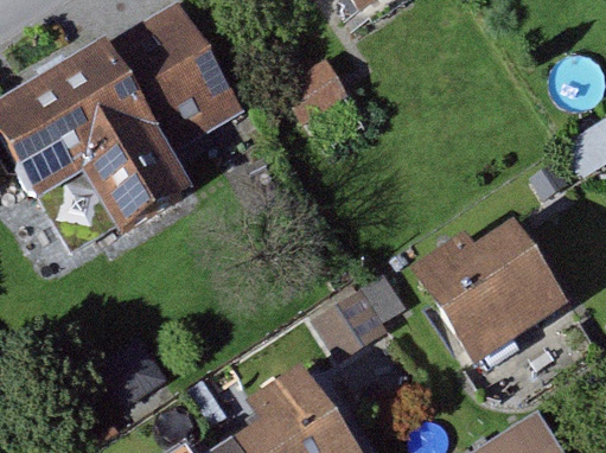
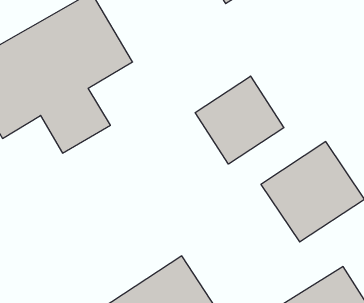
building: none -> [195,76,284,164]

